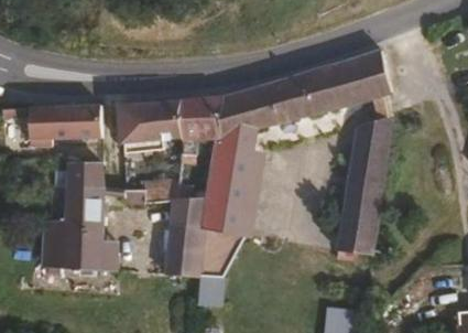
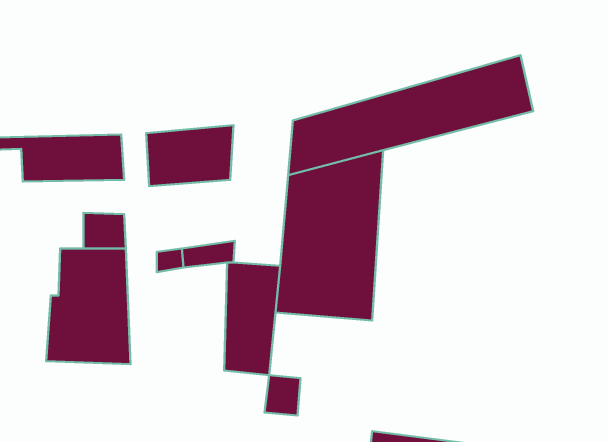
building: [175,97,219,139] -> none
building: [334,116,390,254] -> none

